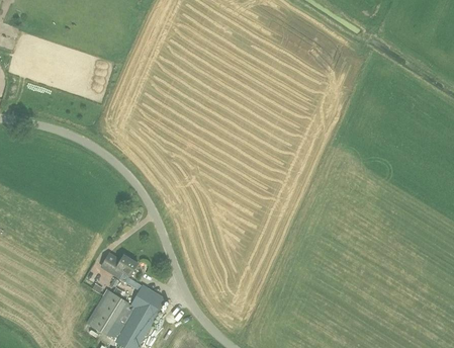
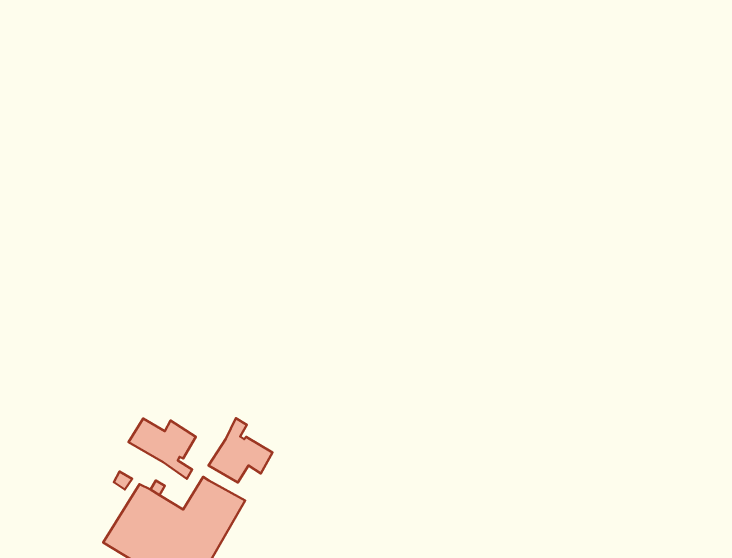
building: none -> [209,418,272,482]

